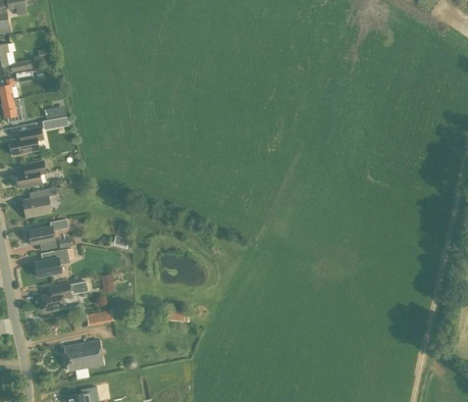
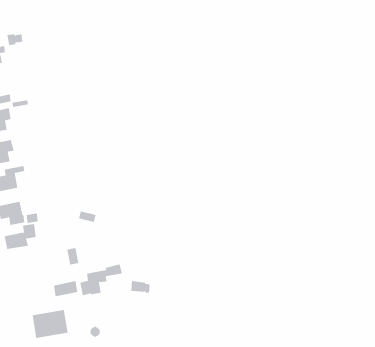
building: [43,282,89,315] -> [79,264,123,296]

